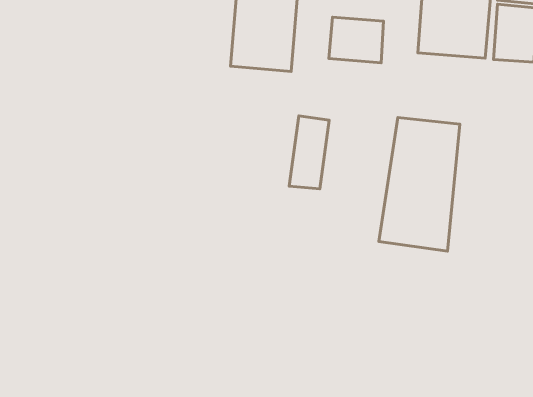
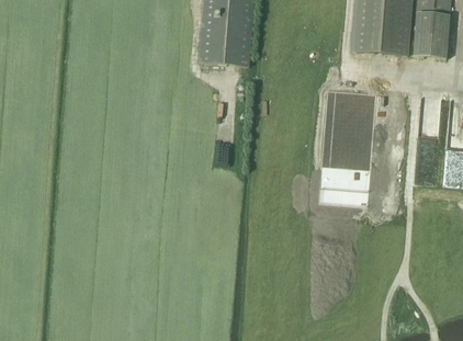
building: [329,17,384,63] -> none
building: [289,116,329,189] -> none

